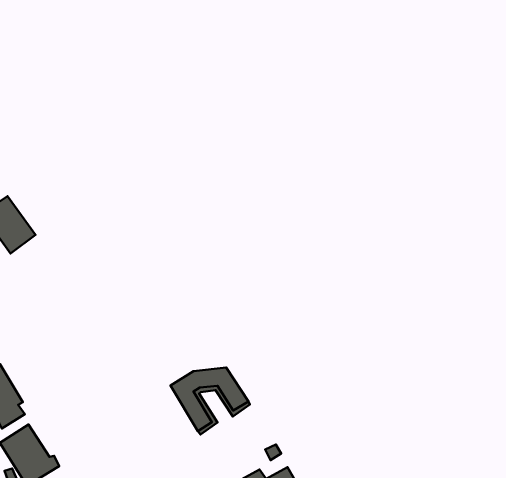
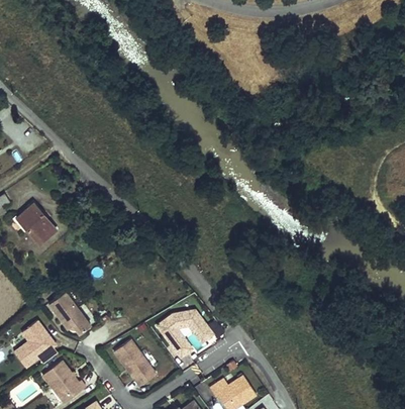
building: none -> [48,292,90,334]
building: none -> [114,339,156,387]

